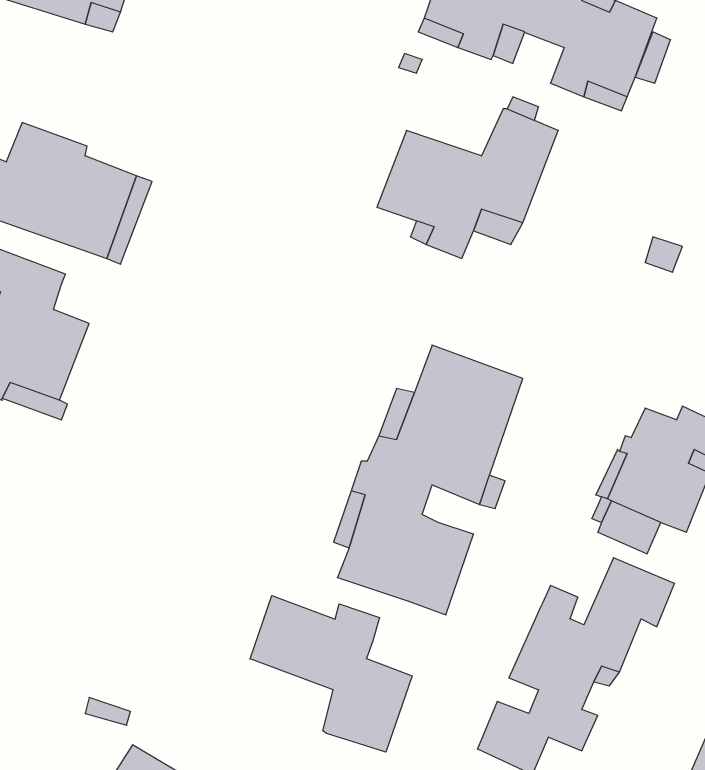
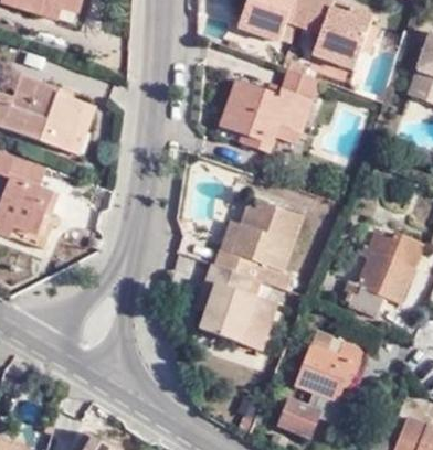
building: [250,596,412,752] -> none

